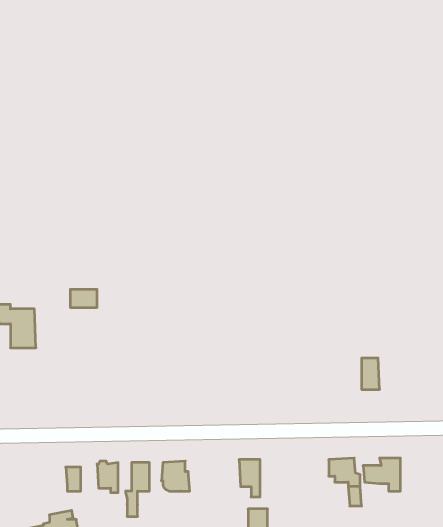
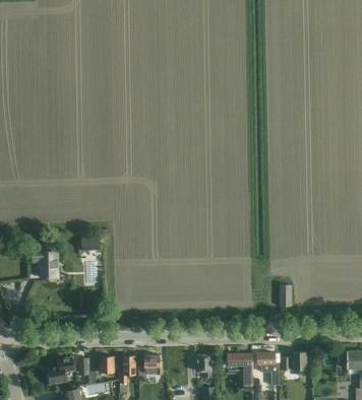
building: none -> [227,353,252,385]
building: none -> [47,356,75,383]

